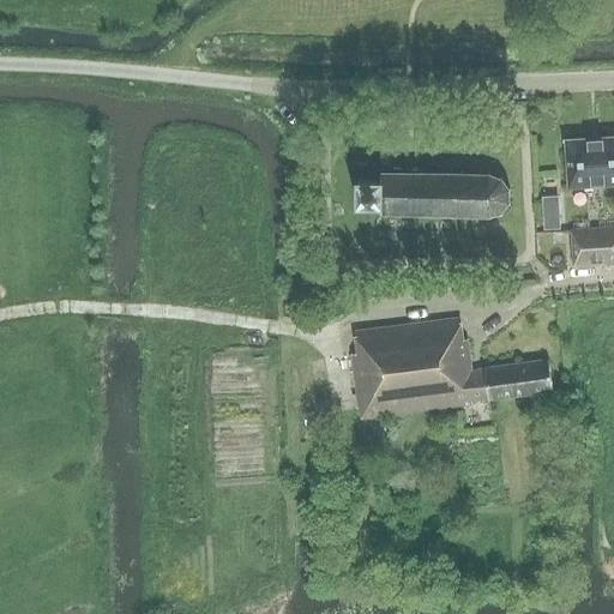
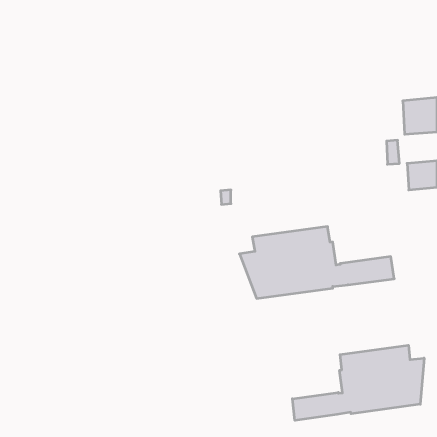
building: [357,173,511,217] -> none
building: none -> [292,345,424,420]

